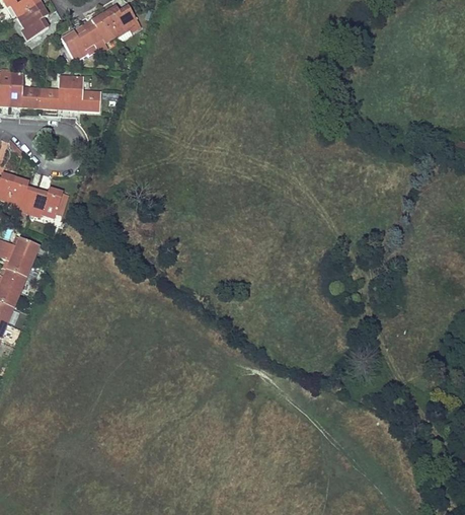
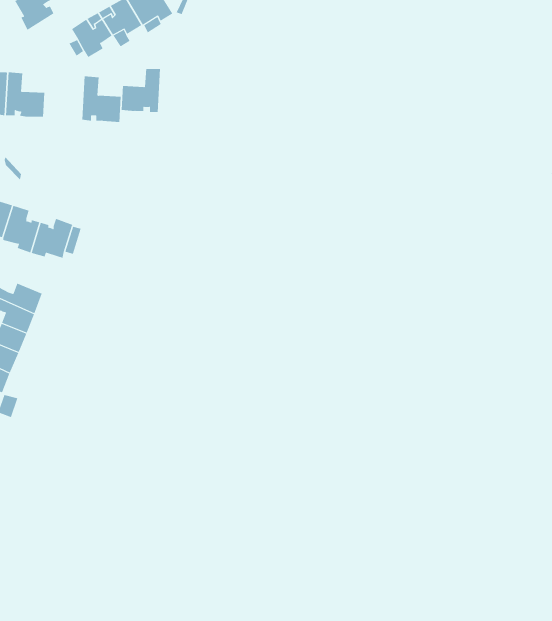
building: [40,74,71,108] -> [121,69,161,113]

